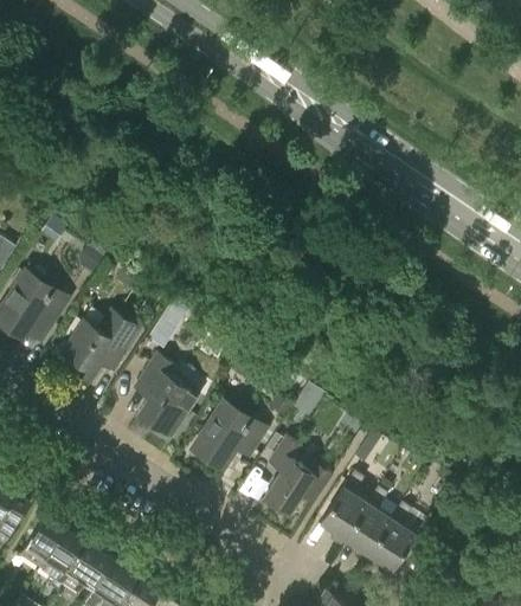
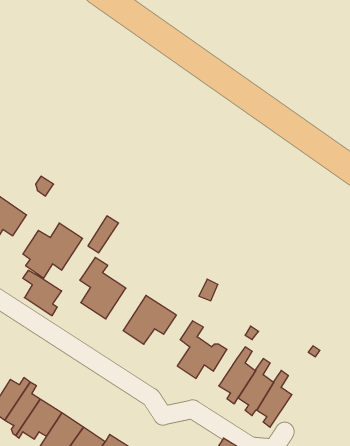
building: none -> [23,270,62,316]

